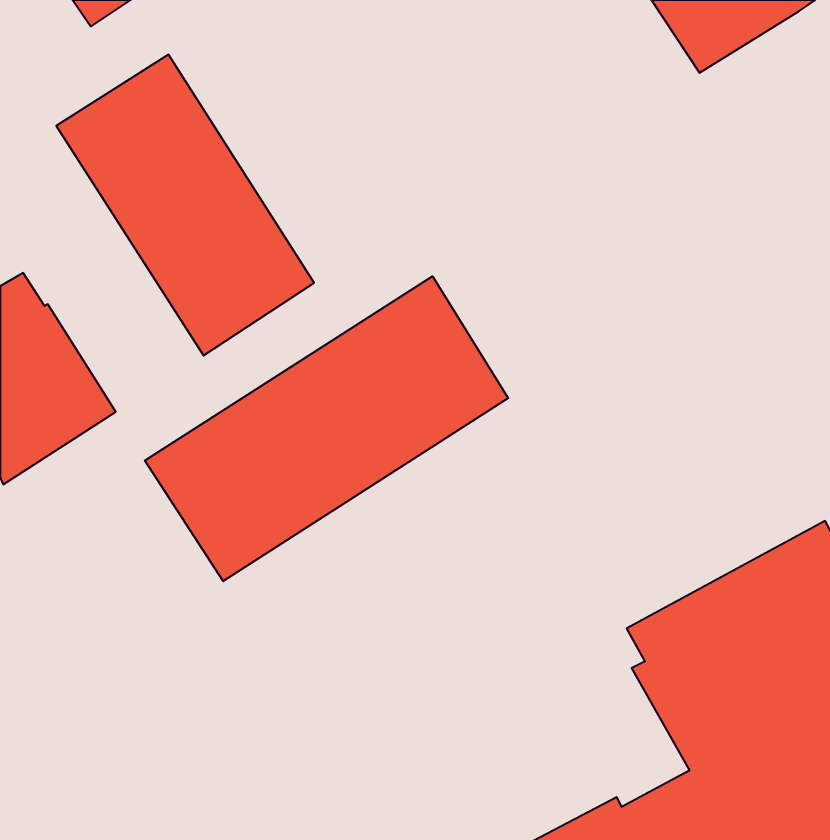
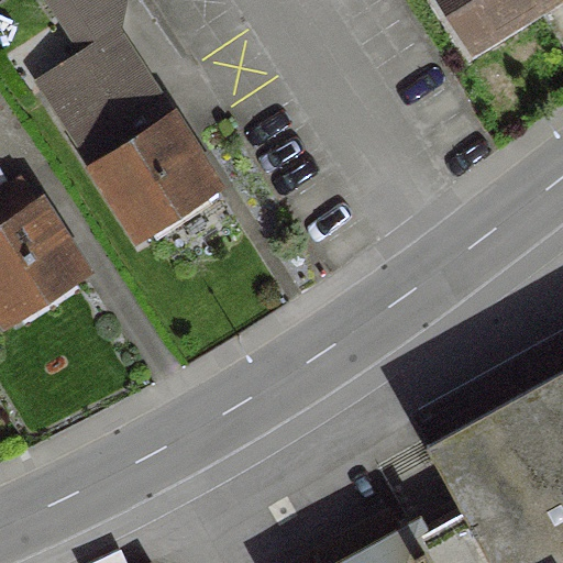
building: [145,276,508,581] -> none

